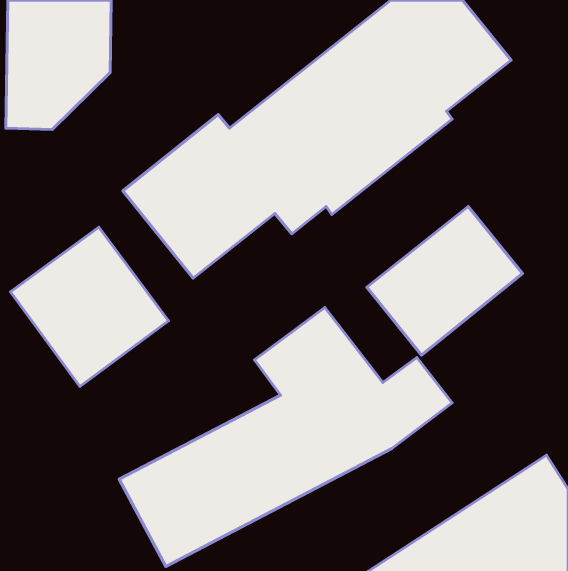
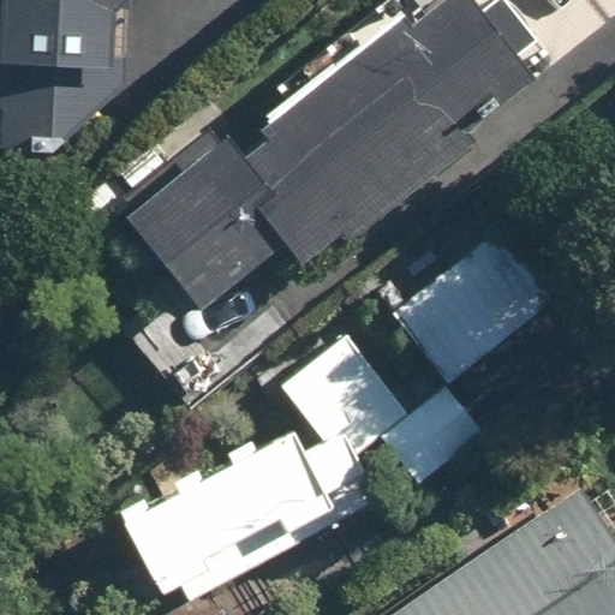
building: [10,227,169,387] -> none

